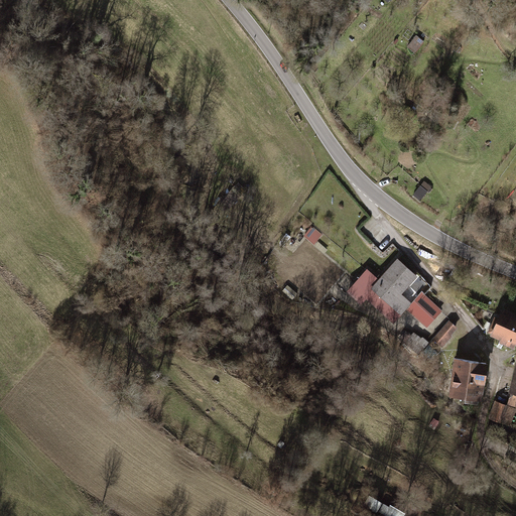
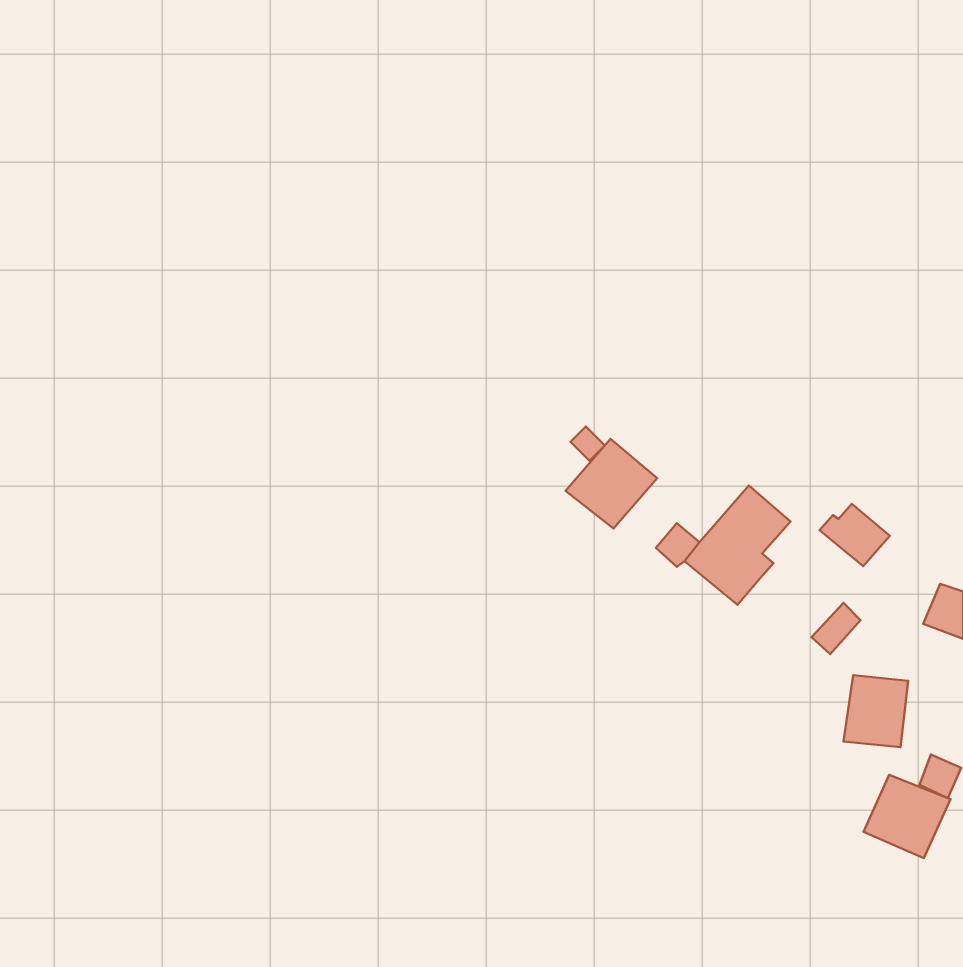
building: none -> [566,439,657,529]
building: [404,294,441,328] -> [820,504,890,566]
building: none -> [863,775,950,858]

